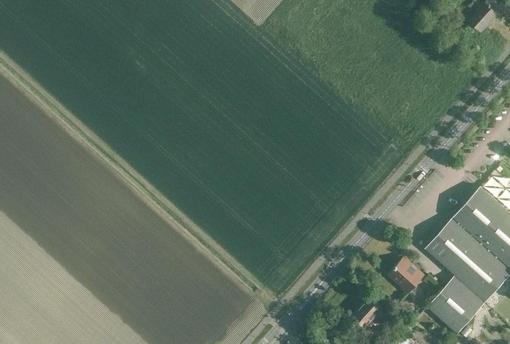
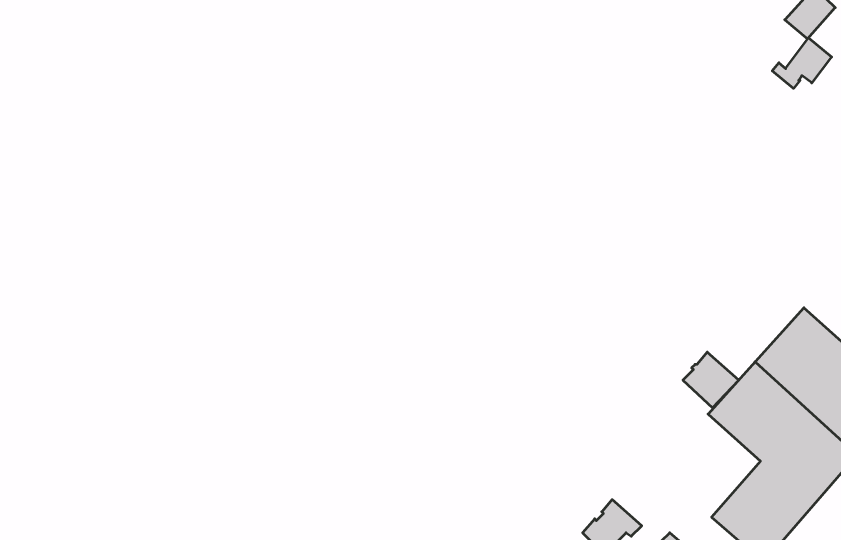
building: none -> [772,38,832,88]
building: [390,259,422,291] -> [683,352,739,408]

